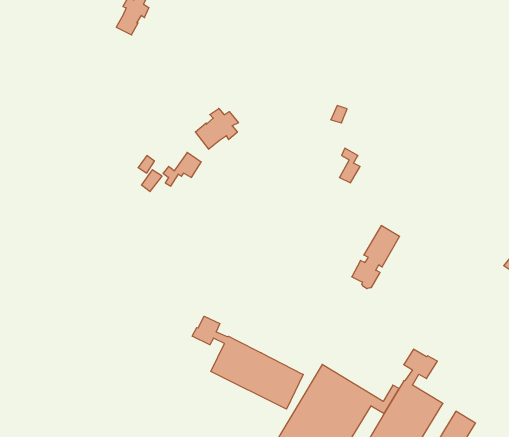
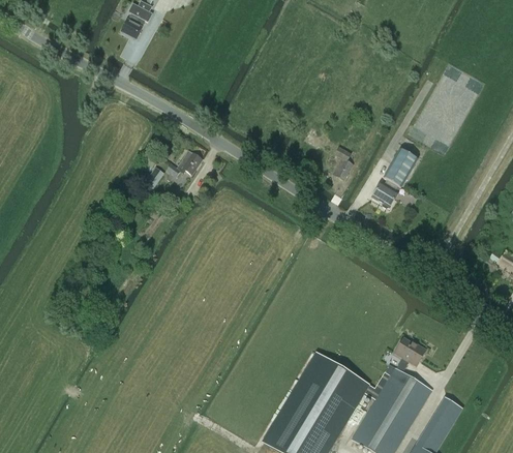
building: [195,108,238,149] -> none
building: [352,226,400,289] -> [371,148,417,208]
building: [192,316,303,409] -> none

